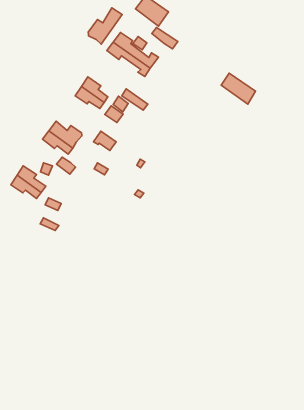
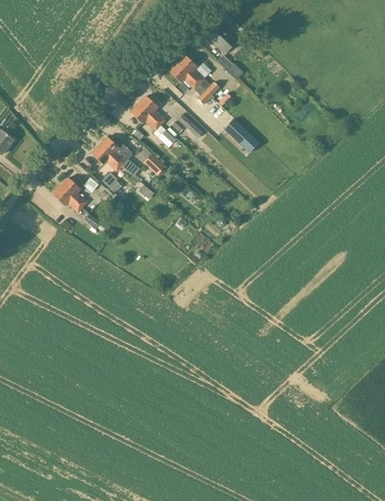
building: [88,8,122,44] -> none
building: [221,73,256,104] -> [224,119,258,153]

